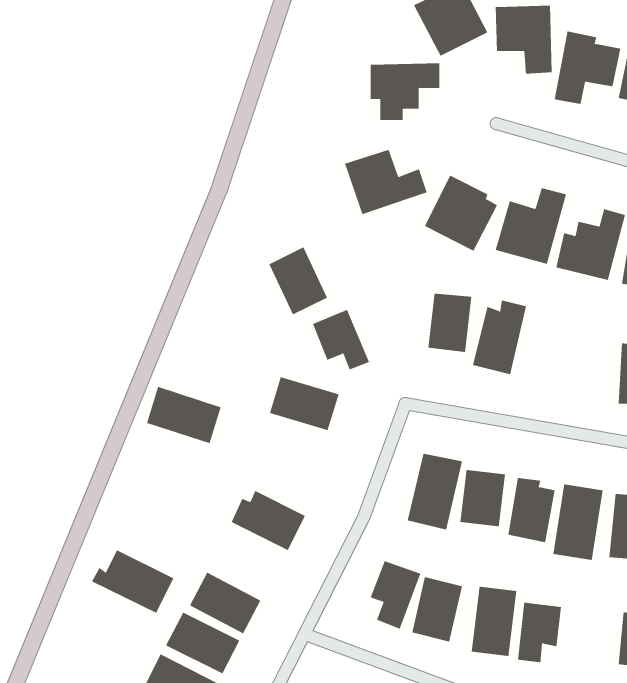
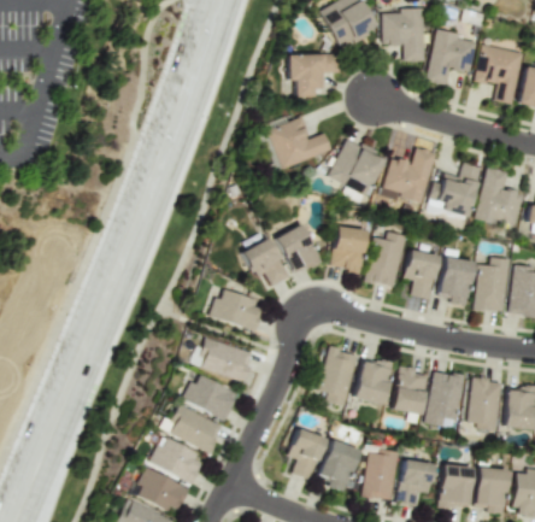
building: [269,246,328,315] -> [276,223,321,275]
building: none -> [402,248,439,299]
building: none -> [437,257,474,305]
building: [146,386,221,444] -> [198,338,254,381]
building: [91,549,174,613] -> [161,404,224,452]
building: none -> [440,465,471,508]

